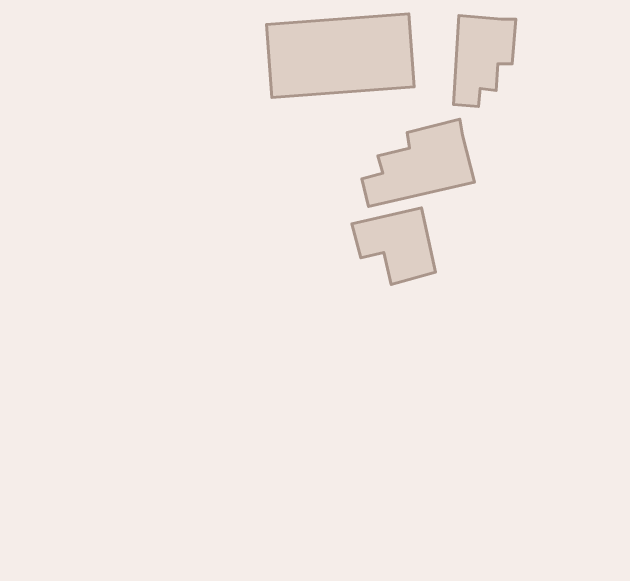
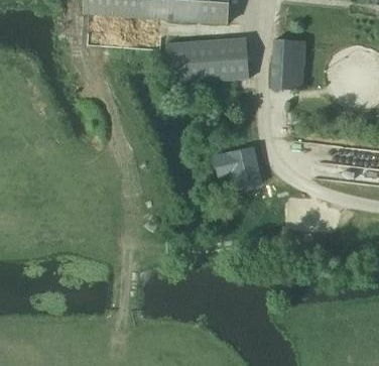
building: [362,119,474,206] -> none

